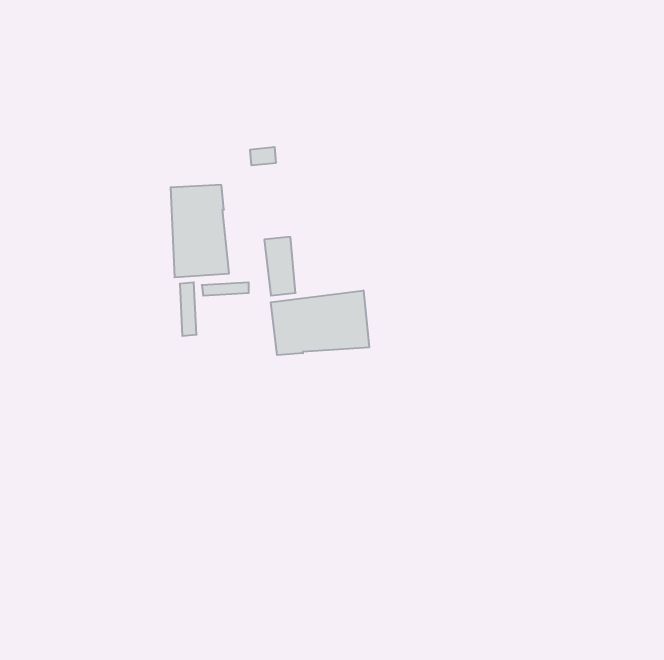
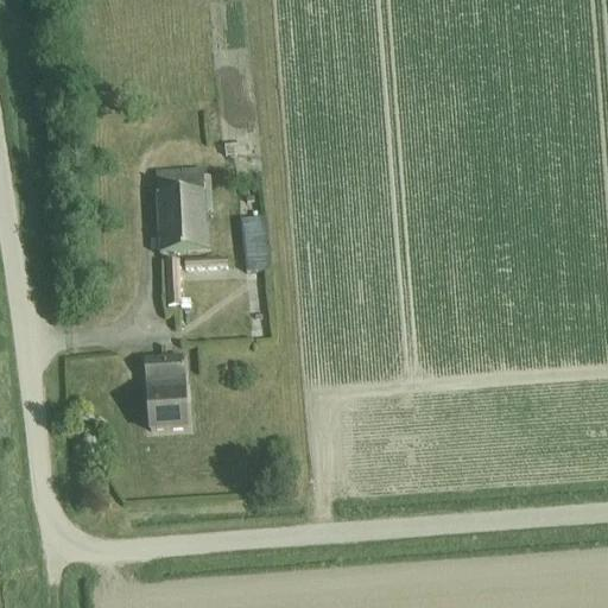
building: [271,290,369,355] -> none
building: none -> [145,356,186,429]

